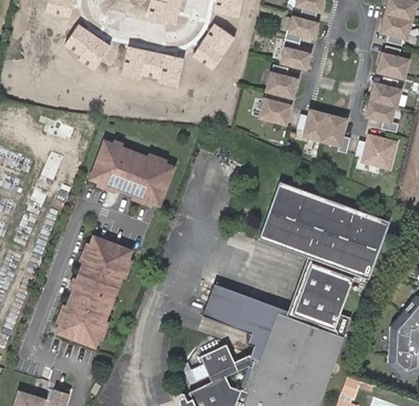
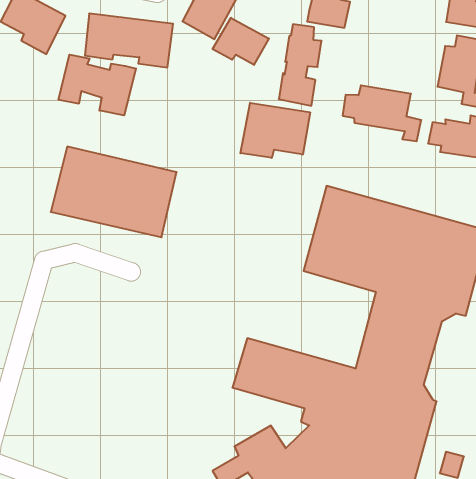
building: none -> [213,18,269,65]
building: none -> [59,55,136,115]
building: none -> [240,103,310,158]
building: [58,232,137,347] -> none

